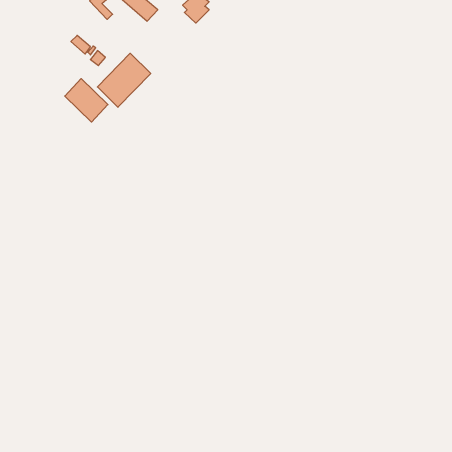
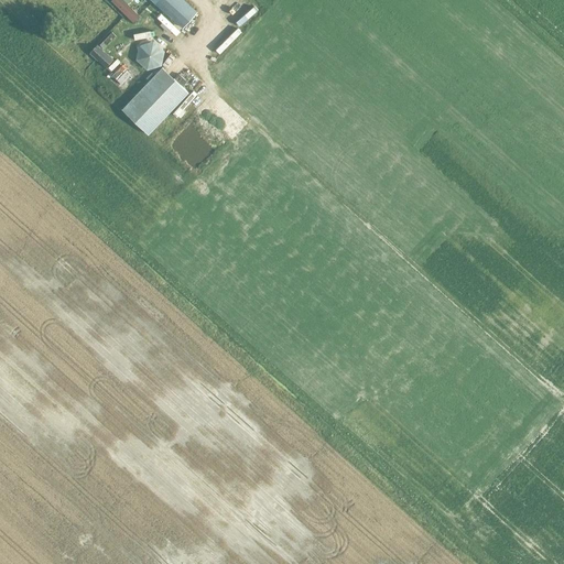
building: none -> [134,41,163,69]
building: [65,79,108,122] -> none

